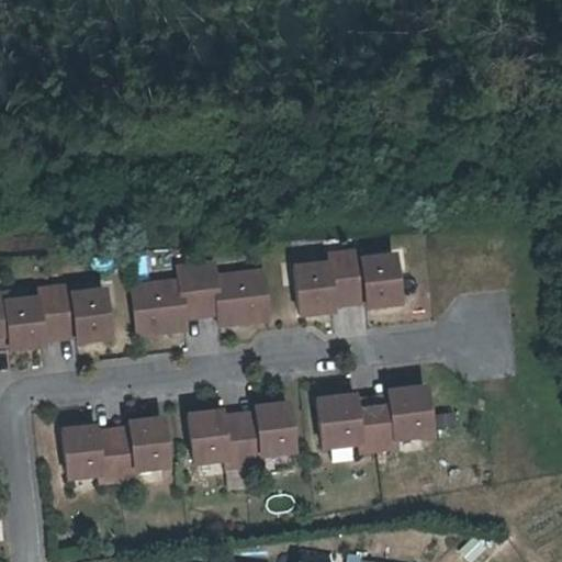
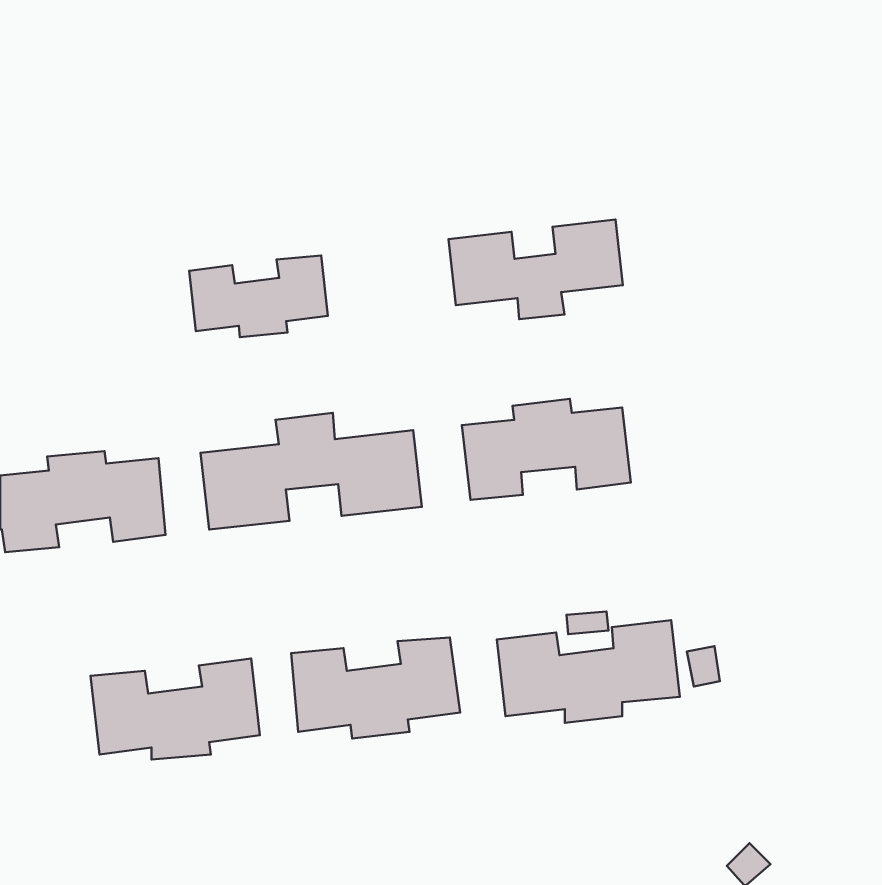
building: none -> [448,219,623,319]
building: none -> [189,255,328,337]

